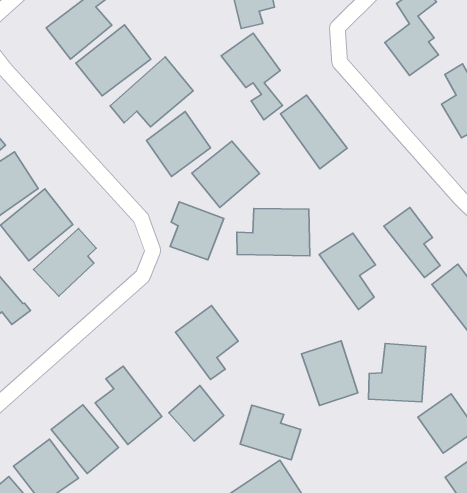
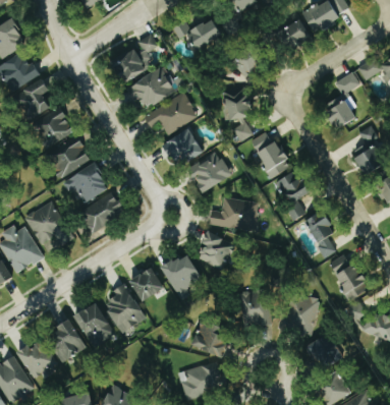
building: [170,202,224,260] -> [198,230,234,270]
building: [319,233,376,309] -> [274,171,309,220]
building: [169,385,224,441] -> [129,267,164,301]

